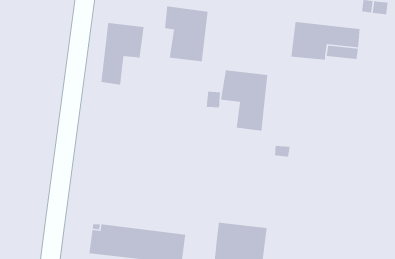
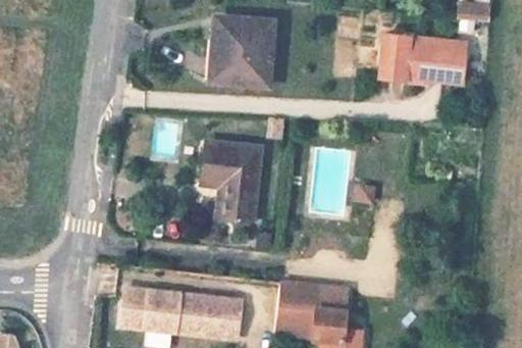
building: [101,22,144,85] -> none
building: [220,70,268,131] -> [203,145,262,221]

